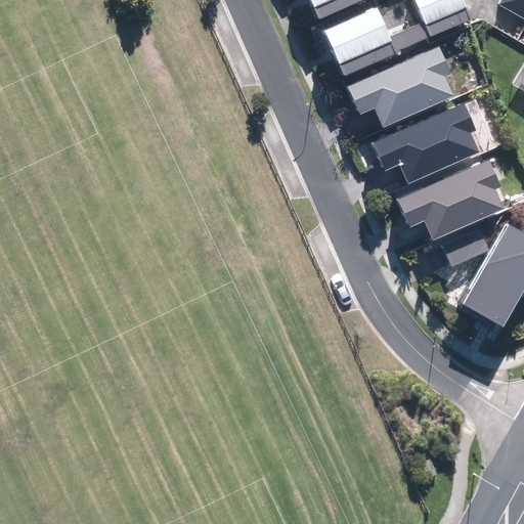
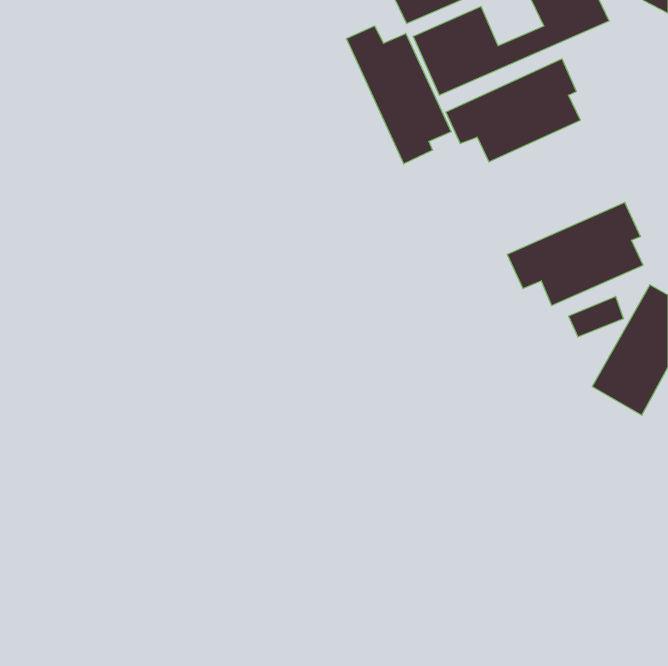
building: none -> [347,26,451,164]
building: [374,102,479,183] -> none

